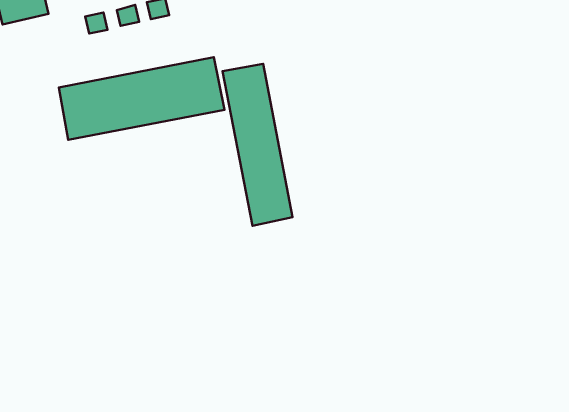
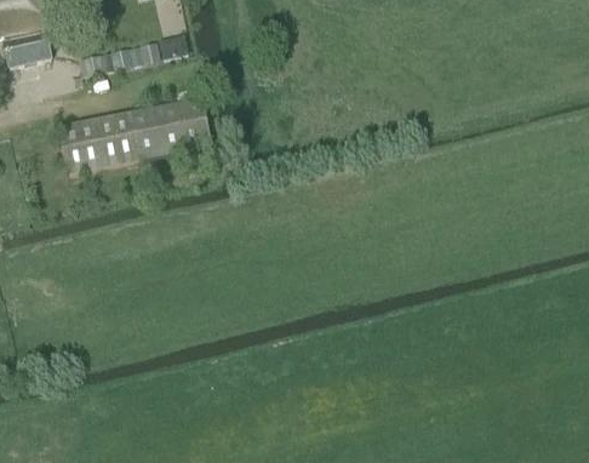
building: [223,64,293,226] -> none

